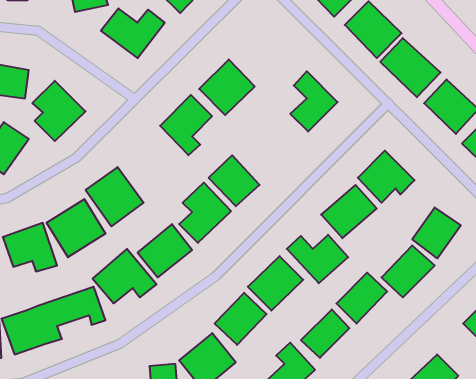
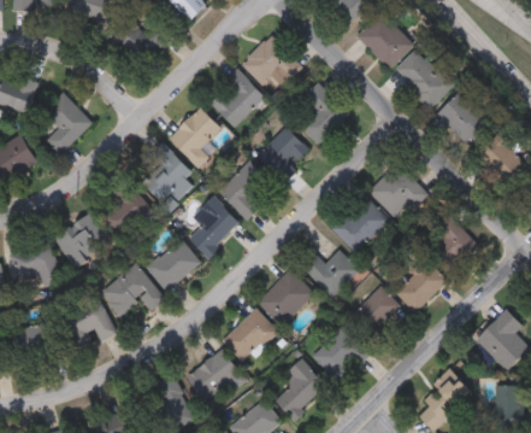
building: none -> [241,35,302,88]
building: none -> [256,127,311,180]
building: none -> [132,142,191,207]

